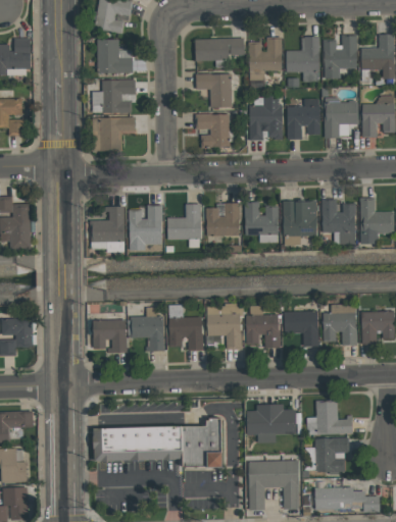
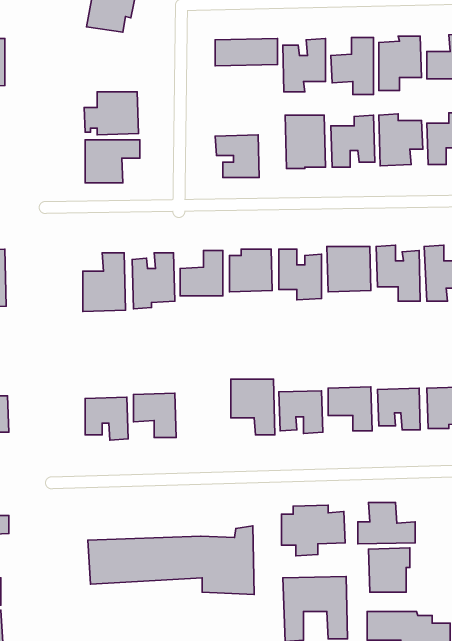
building: [97,39,133,73] -> none
building: [196,73,232,108] -> none
building: [168,305,203,350] -> none

